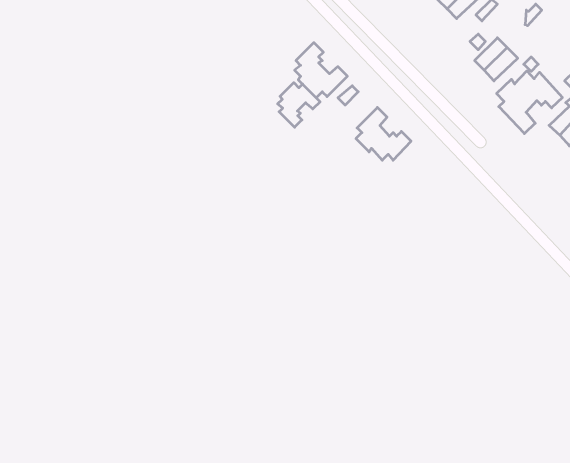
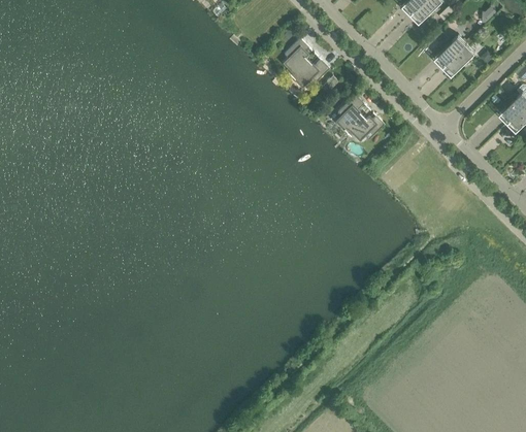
building: [497,71,562,134] -> none
building: [278,83,320,127] -> none

